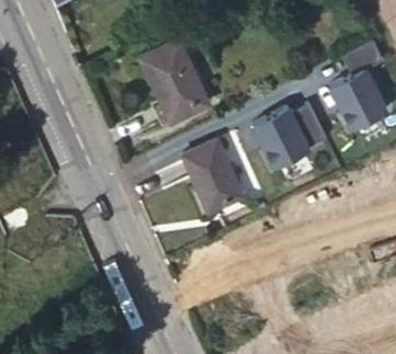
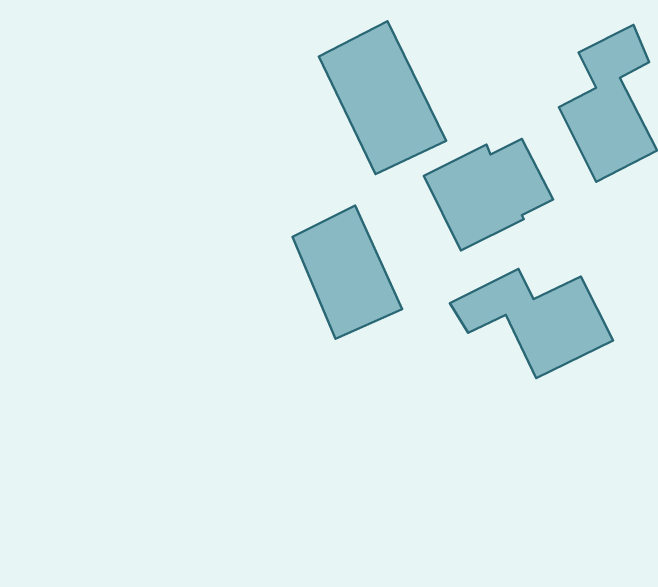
building: [138,39,210,125] -> [319,21,446,174]
building: none -> [450,269,613,378]

